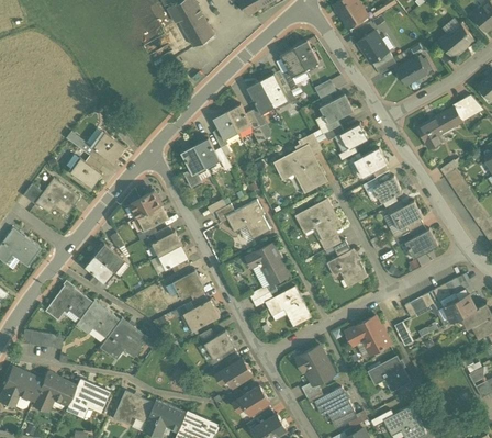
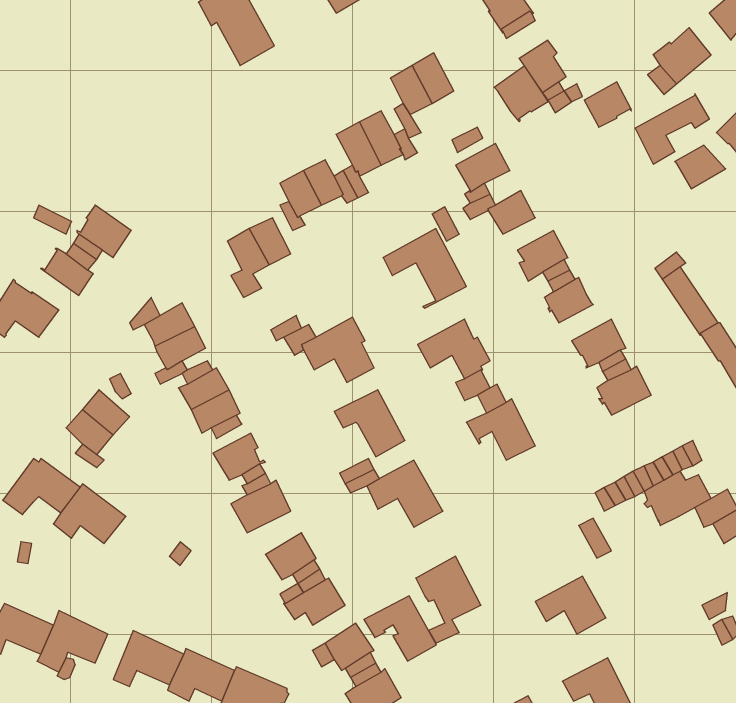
building: none -> [494,66,548,122]
building: [417,106,462,149] -> [635,94,709,164]
building: [346,316,391,355] -> none
building: [100,318,148,357] -> none
building: [314,388,358,427] -> [364,596,436,661]

